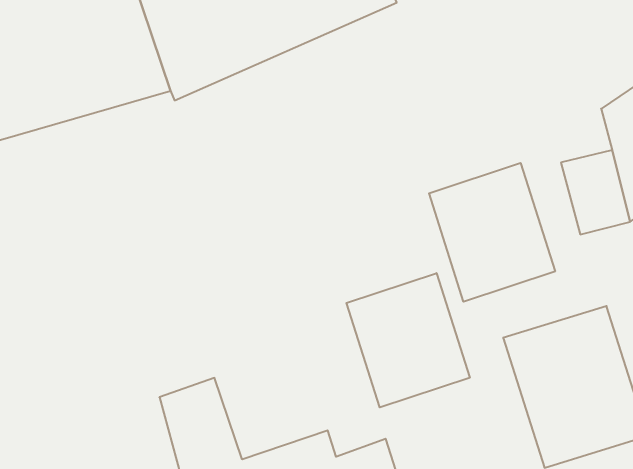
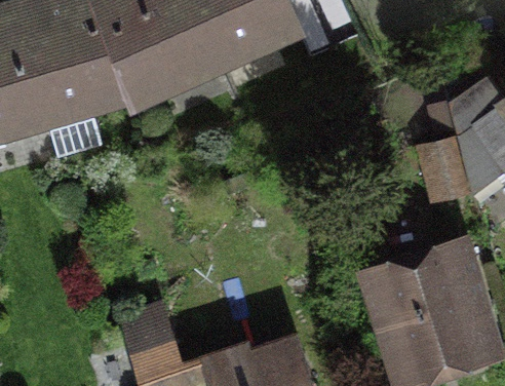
building: [429,163,555,302] -> none
building: [346,273,470,407] -> none

